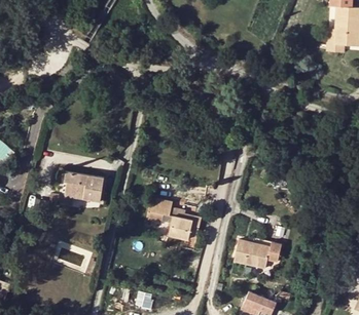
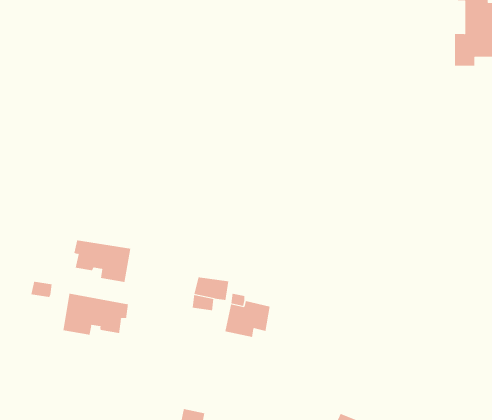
building: none -> [63,293,128,335]
building: [235,239,281,268] -> none

